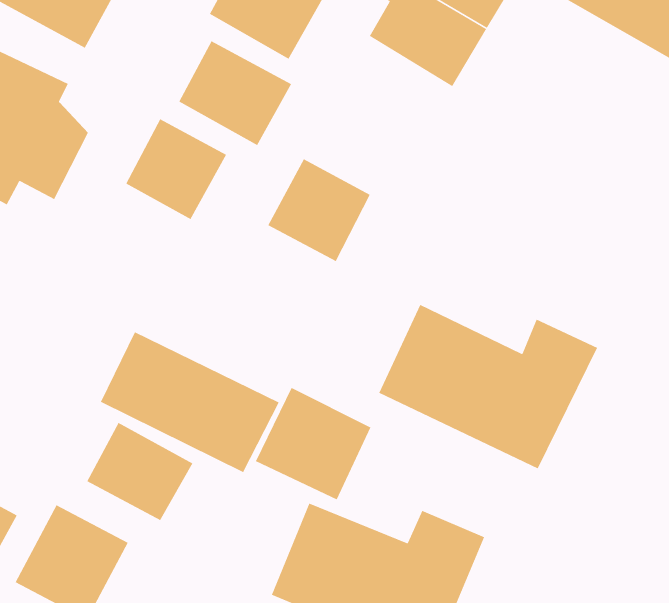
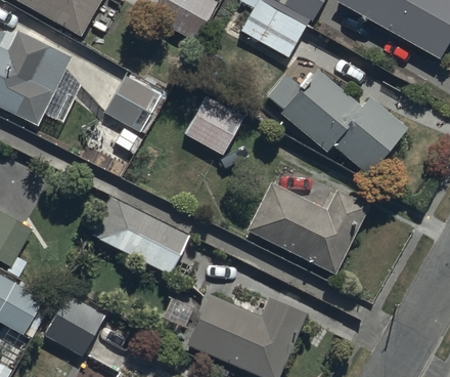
building: [178,40,292,146] -> none
building: none -> [264,69,406,174]
building: [255,387,372,500] -> none
building: [86,422,193,521] -> none

